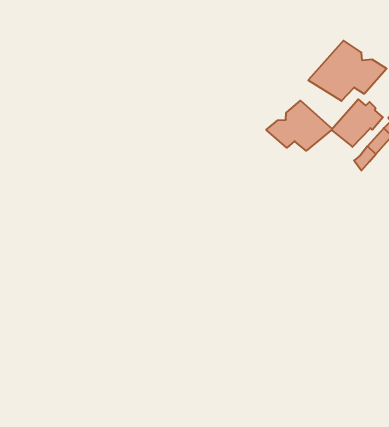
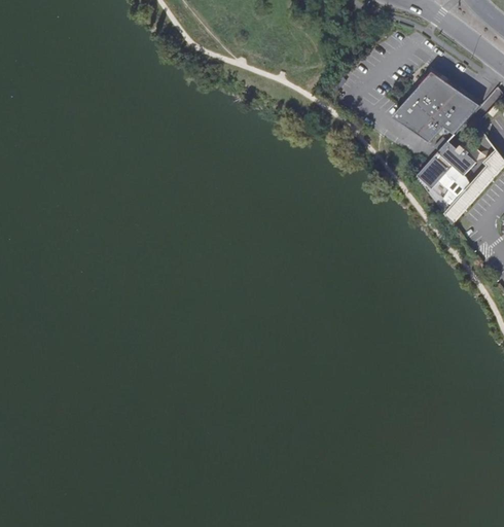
building: [266,101,332,151] -> none

